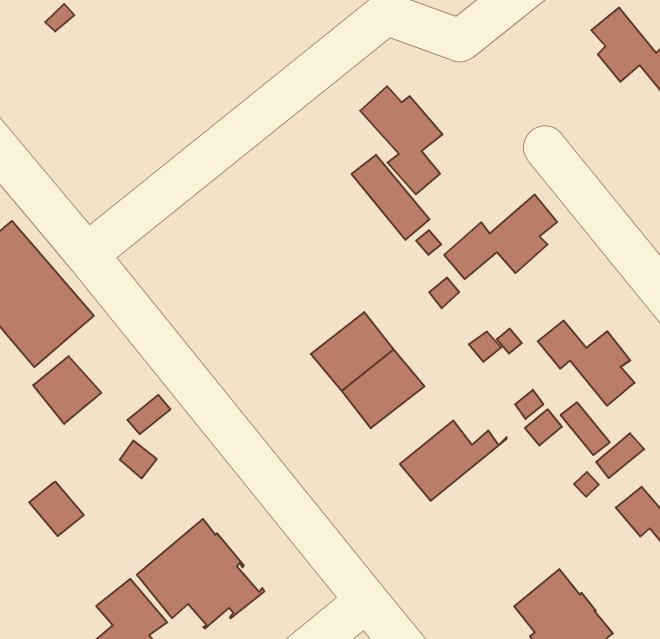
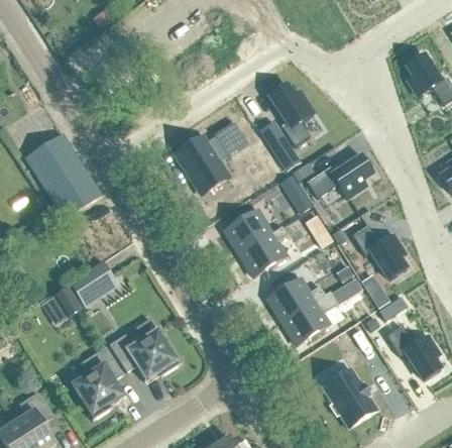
building: none -> [176,121,247,191]
building: [33,356,101,424] -> [71,268,109,307]
building: none -> [282,292,338,345]

